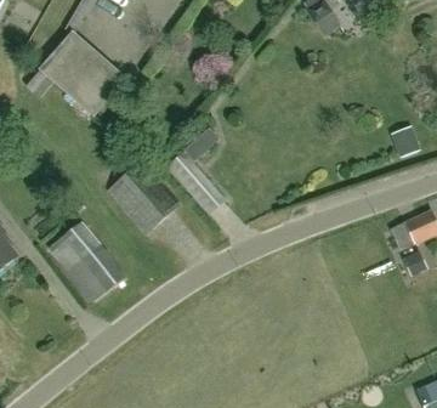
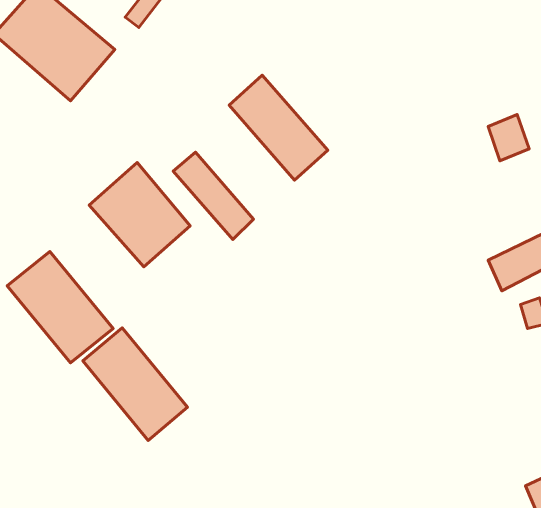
building: none -> [229,75,328,180]
building: none -> [83,328,187,440]

